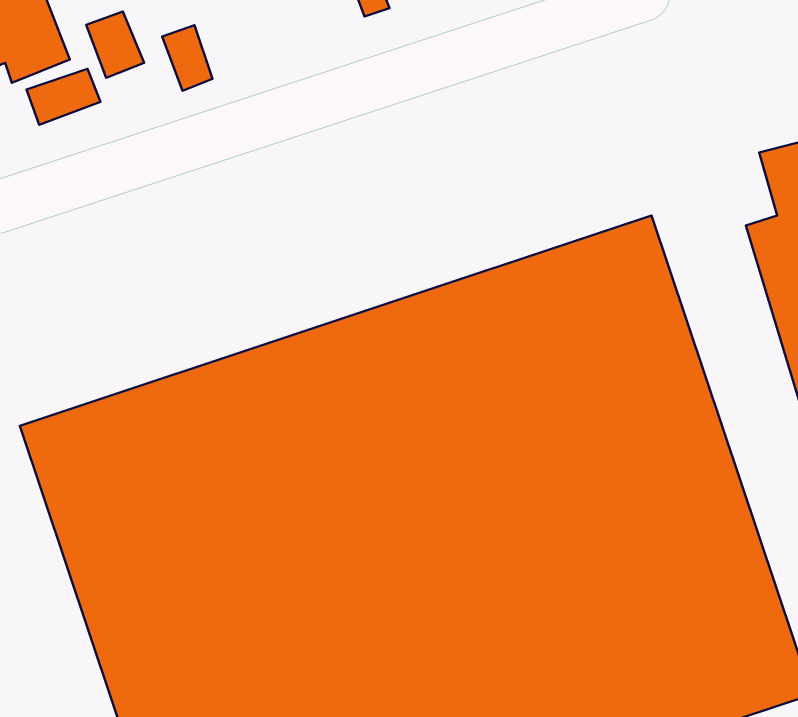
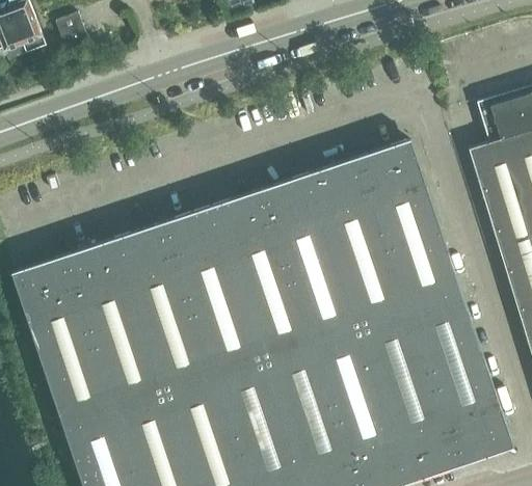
building: [162,25,213,91] -> none
building: [27,69,100,125] -> none

